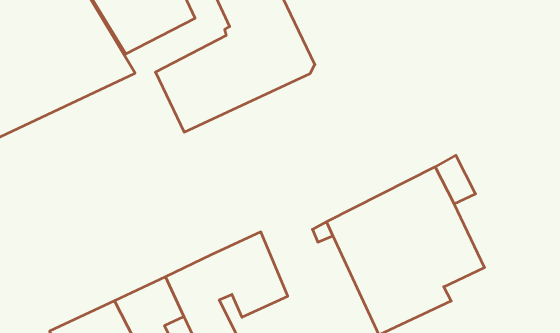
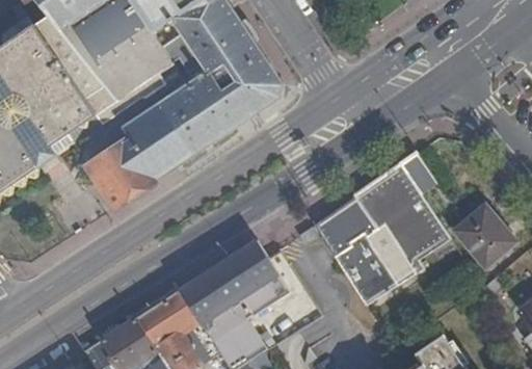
building: none -> [80,128,169,208]
building: none -> [455,202,516,265]

